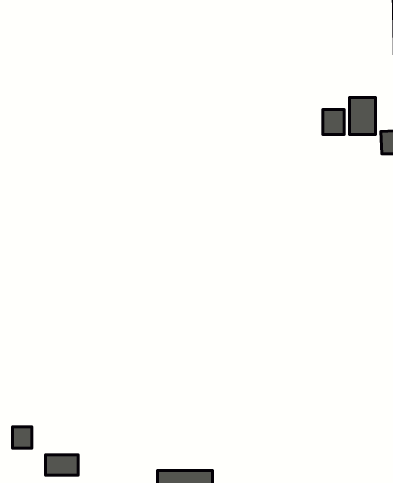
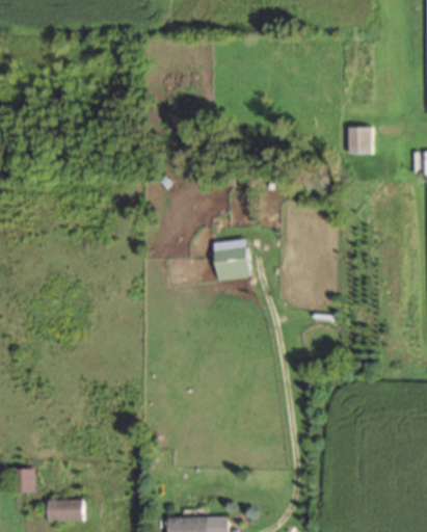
building: [349,98,375,134] -> none
building: none -> [213,238,251,281]

